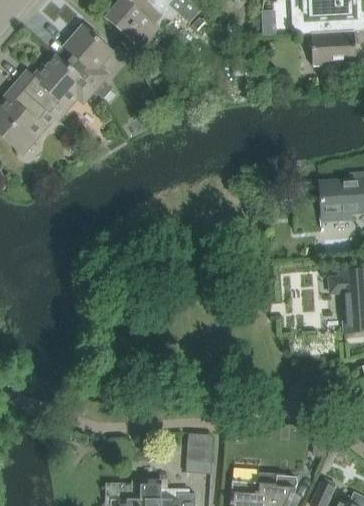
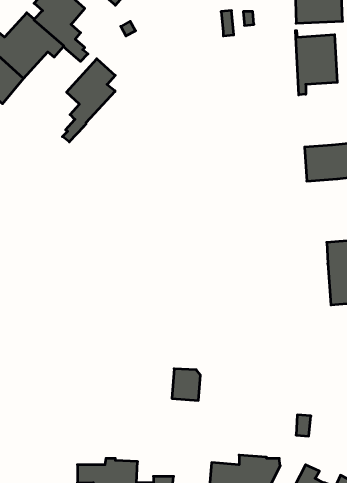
building: none -> [295,31,337,95]
building: none -> [62,59,115,142]
building: [186,432,213,462] -> [172,369,200,400]

